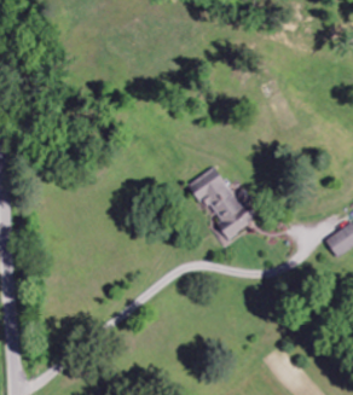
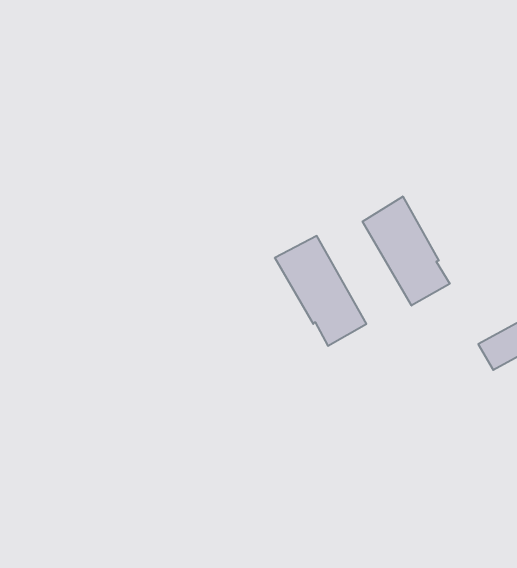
building: none -> [363,196,450,306]

